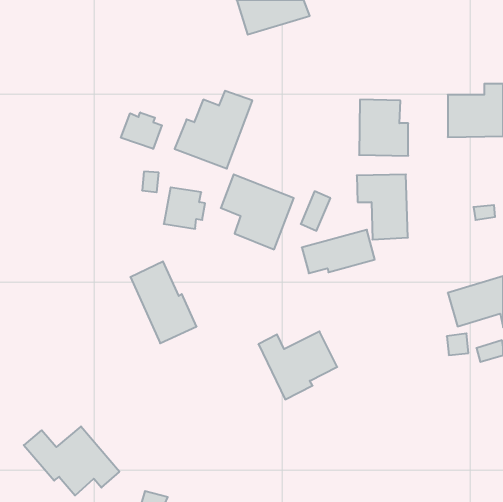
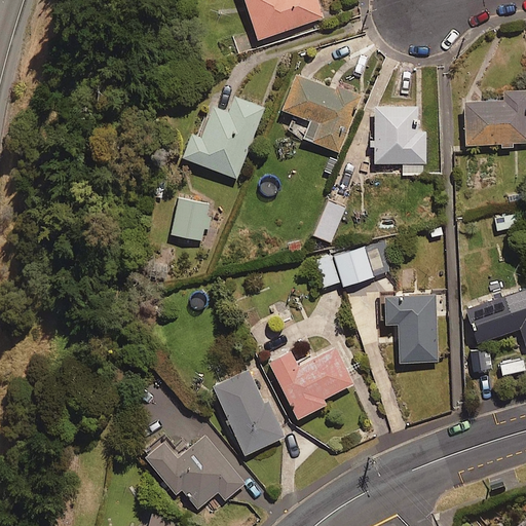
building: [121,112,162,149] -> none
building: [357,174,408,240] -> [383,295,437,363]
building: [221,174,294,249] -> [283,74,359,152]
building: [130,261,197,343] -> [214,370,283,455]
building: [24,426,119,495] -> [144,437,243,509]

